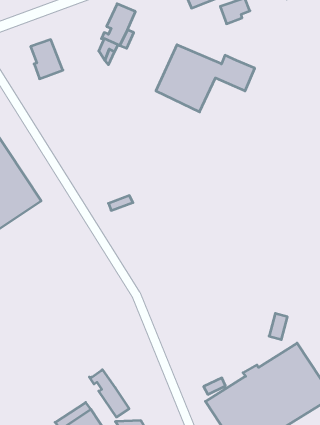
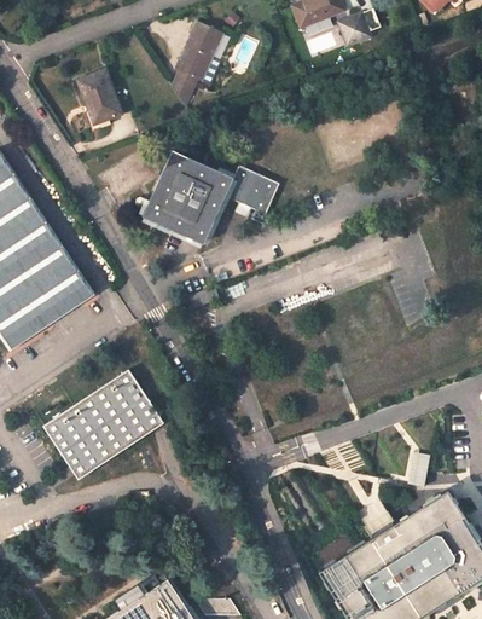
building: [156,45,255,112] -> [144,151,280,244]
building: none -> [43,370,163,479]
building: [89,370,129,417] -> none

